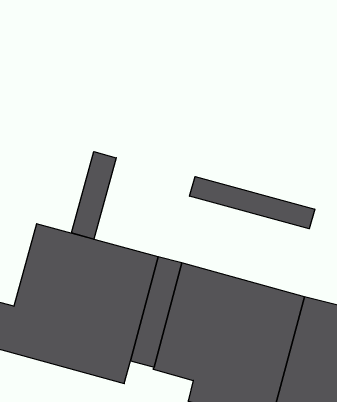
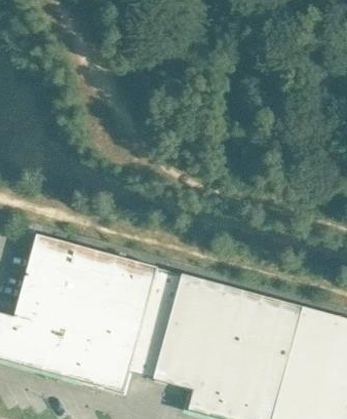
building: [71,152,116,239] -> none
building: [190,177,315,229] -> none

